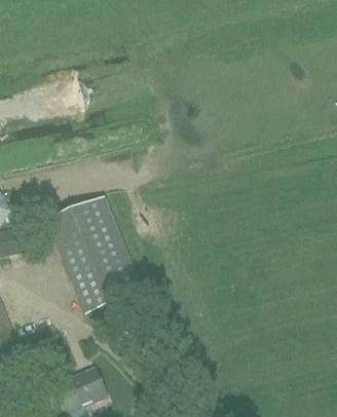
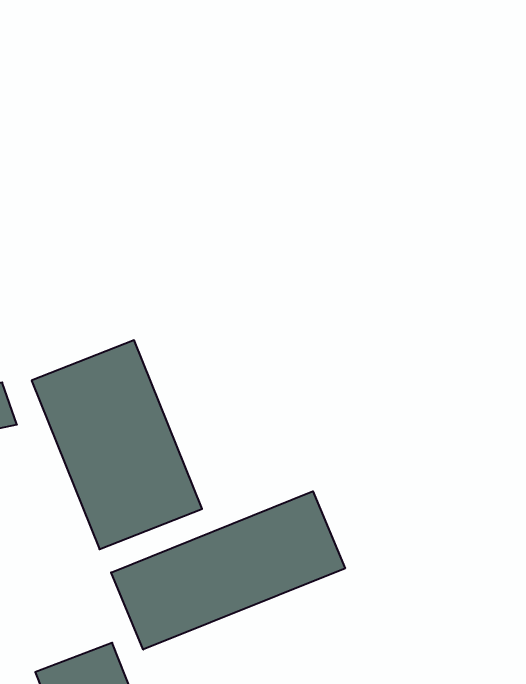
building: none -> [111,491,345,650]

